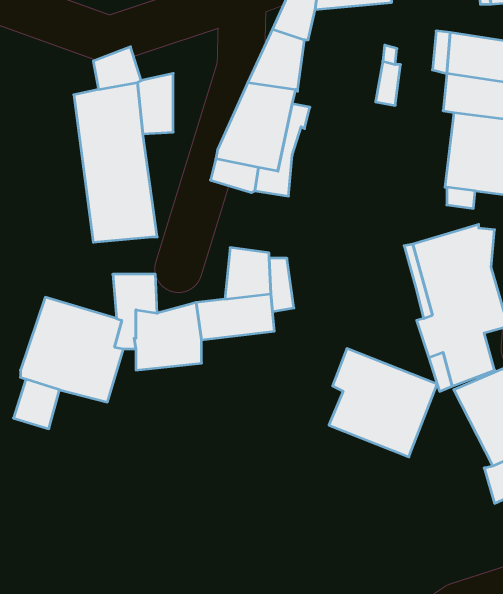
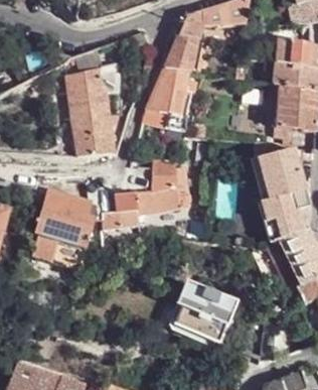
building: [329,349,437,457] -> [174,281,235,343]

